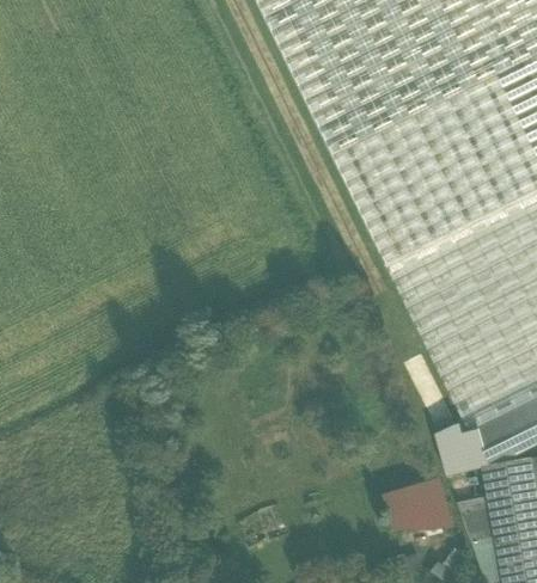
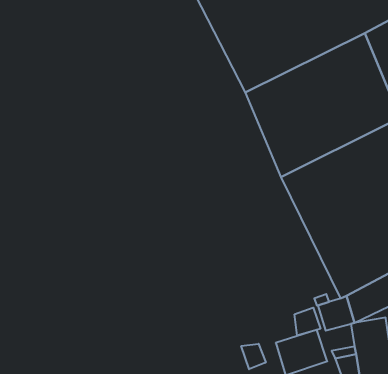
building: none -> [295,308,320,335]
building: none -> [241,344,266,369]

